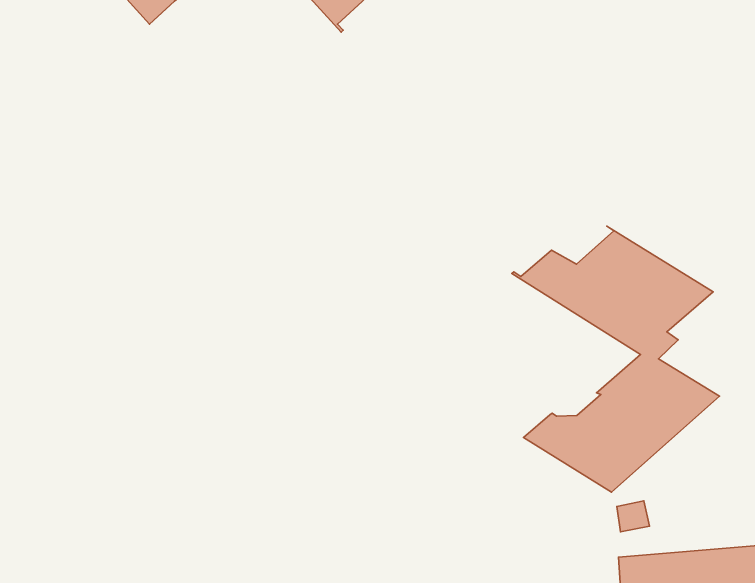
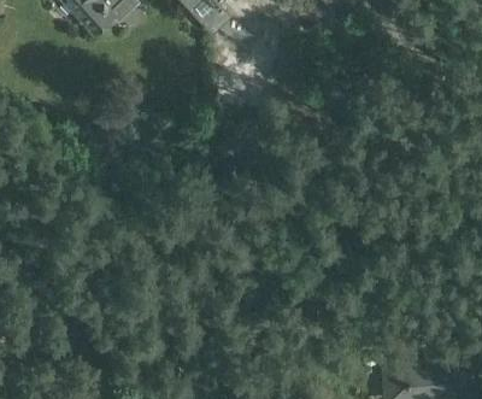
building: [512,226,719,492] -> none

